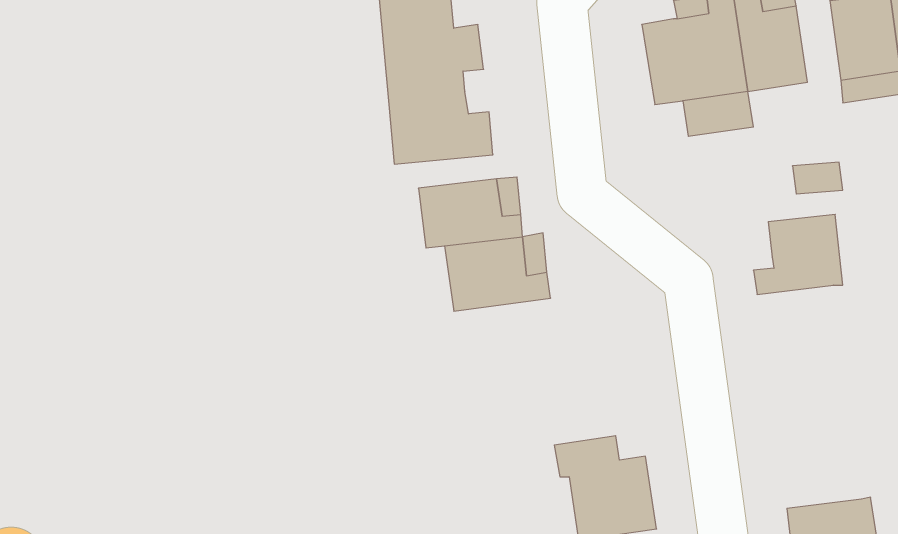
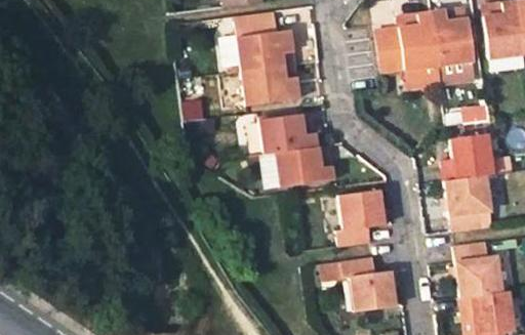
building: none -> [445,173,491,232]
building: none -> [330,191,378,246]
building: none -> [455,243,502,296]

